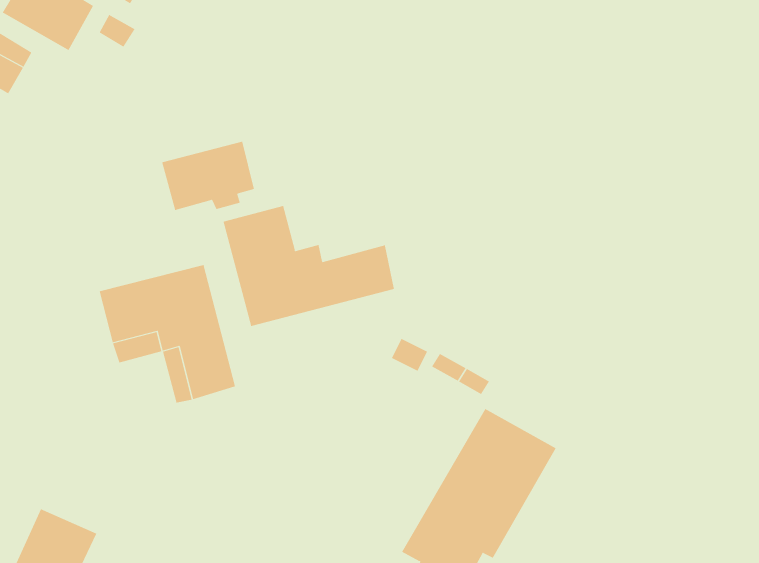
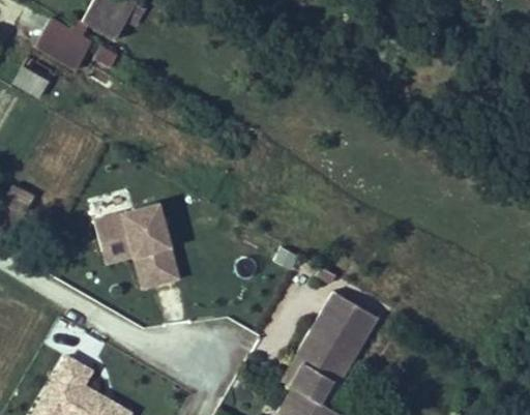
building: [161,141,254,211] -> none
building: [223,205,394,327] -> none

